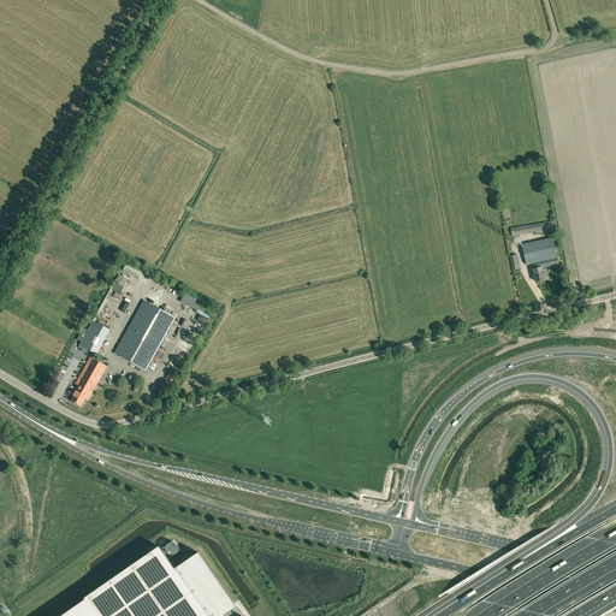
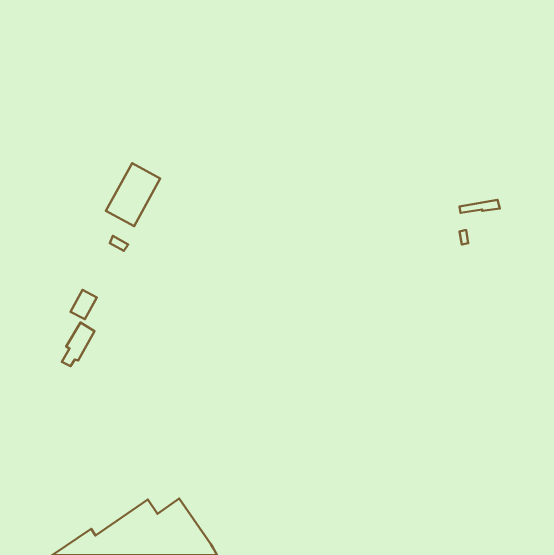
building: [521,238,557,282] -> none
building: [113,301,173,371] -> [106,163,160,226]

